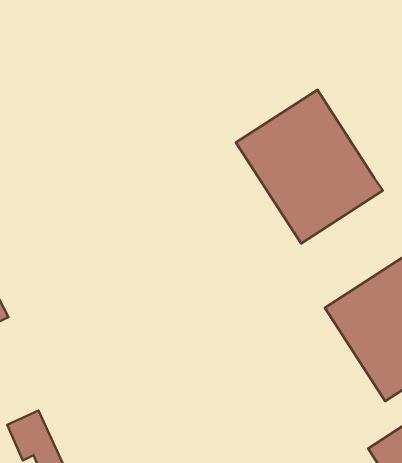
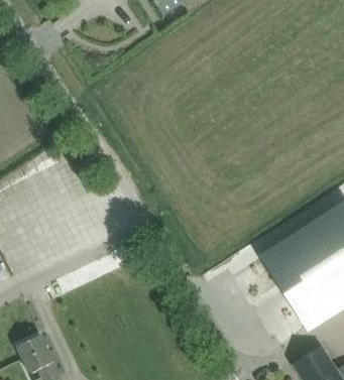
building: [236,90,383,244] -> none

